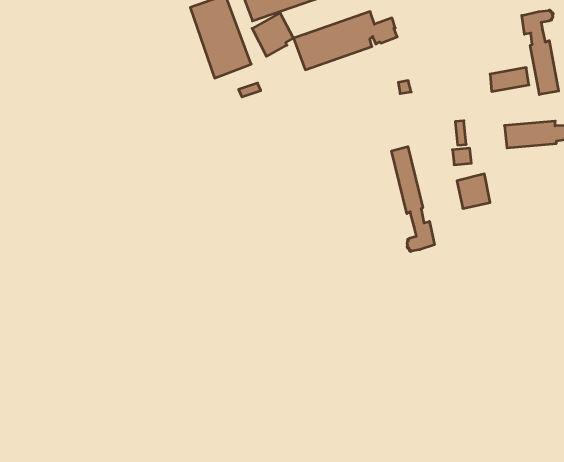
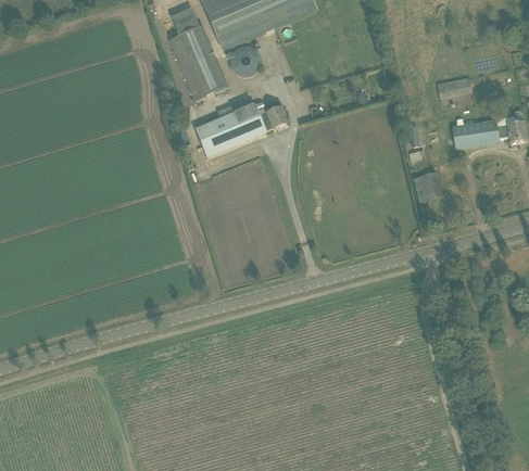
building: [522,10,559,95] -> none
building: [293,12,397,70] -> [196,101,287,155]
building: [392,147,434,252] -> none

